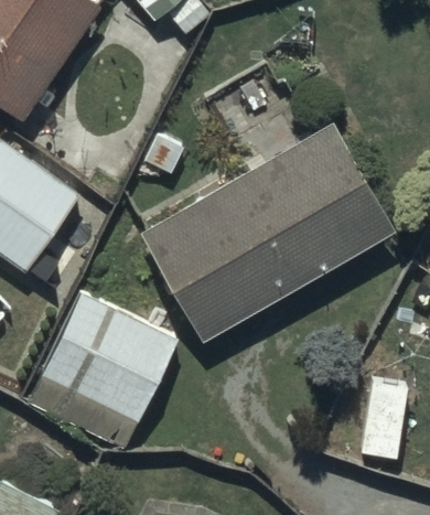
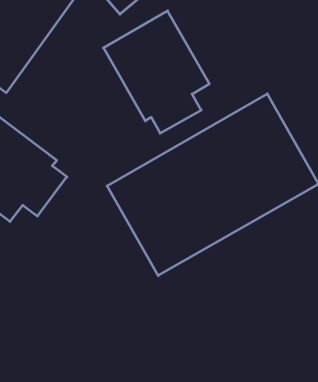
building: none -> [103,11,209,133]
building: [26,292,178,453] -> none

